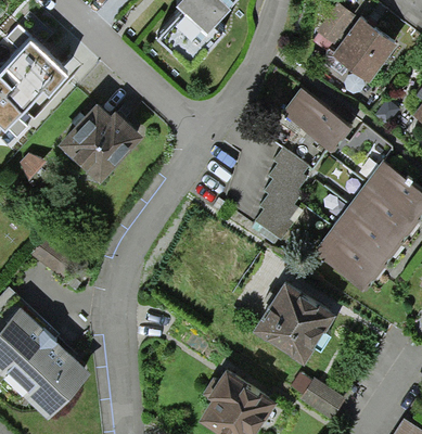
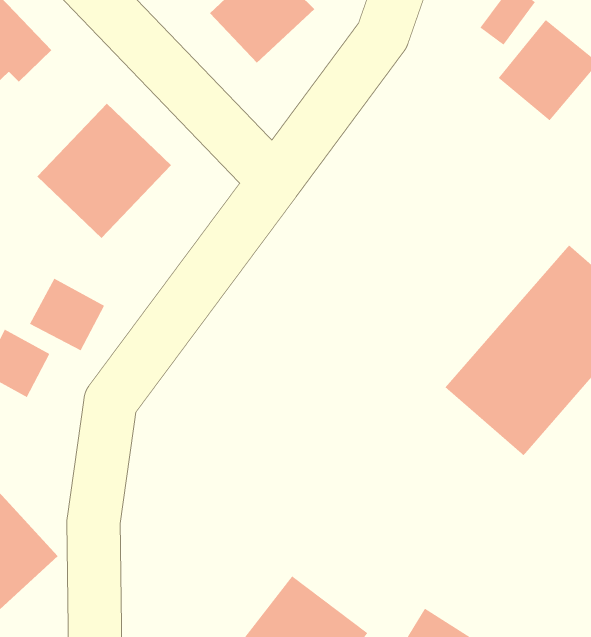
building: [280,88,353,153] -> none
building: [251,153,306,250] -> none
building: none -> [29,278,105,351]
building: [254,281,334,359] -> none

